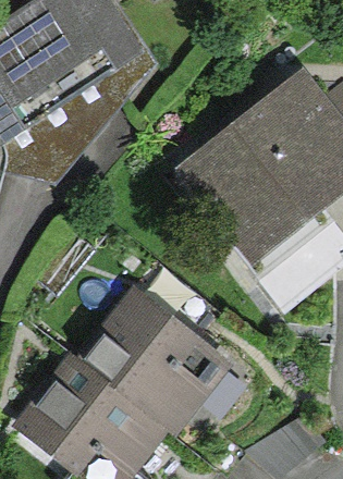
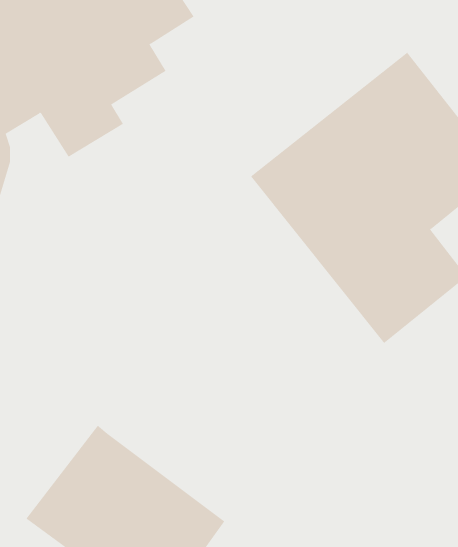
building: [82,291,230,432] -> none

